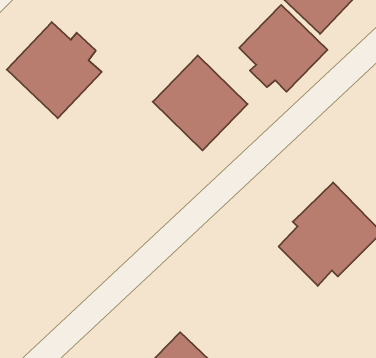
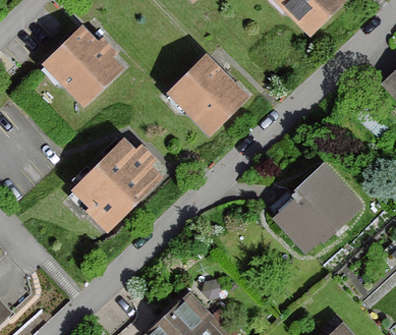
building: [239,5,327,92] -> none
building: none -> [67,137,161,233]

